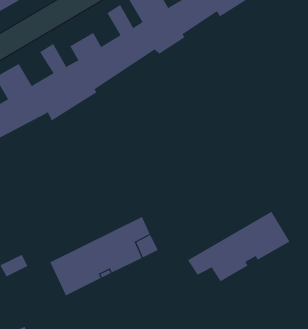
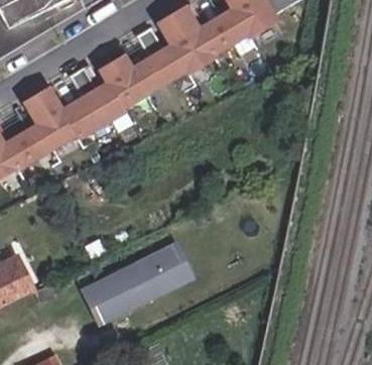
building: [187,211,290,282] -> none

